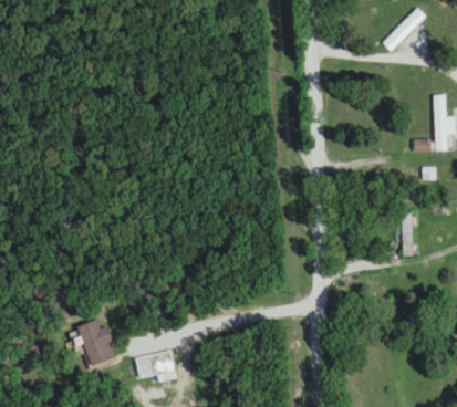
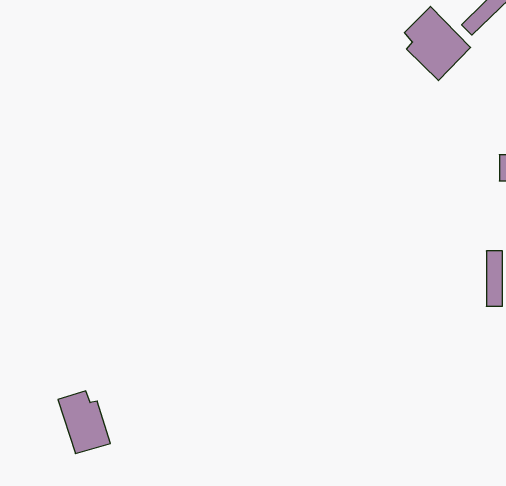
building: none -> [404,6,471,81]
building: [135,349,177,380] -> none

